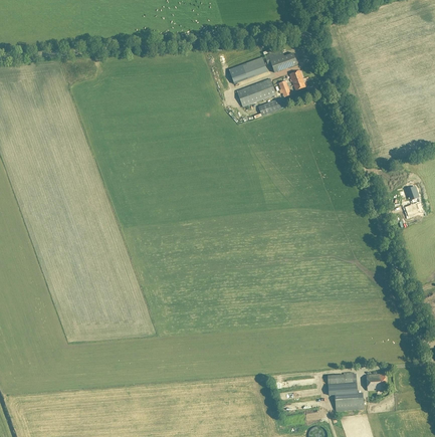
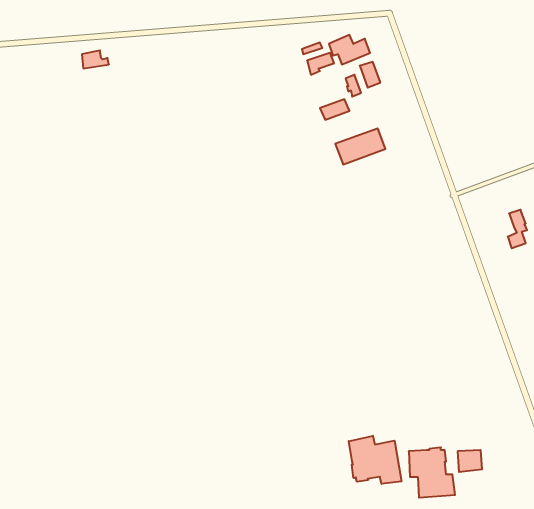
building: [236,77,275,105] -> [335,128,385,164]
building: none -> [349,436,401,484]

